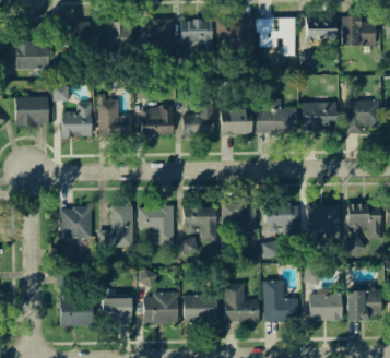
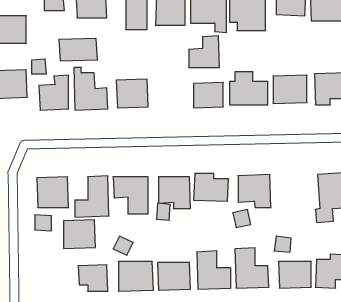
building: none -> [59,38,97,61]
building: [181,100,213,133] -> [189,36,219,67]
building: [306,204,339,239] -> none
building: [59,297,92,326] -> [64,220,95,248]

